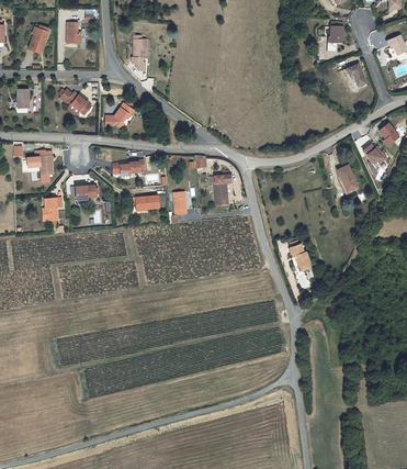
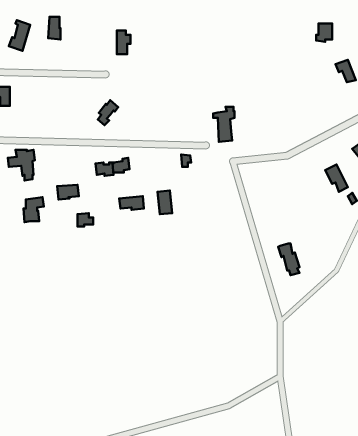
building: [60,90,92,116] -> none
building: [210,169,230,203] -> [213,107,235,142]

